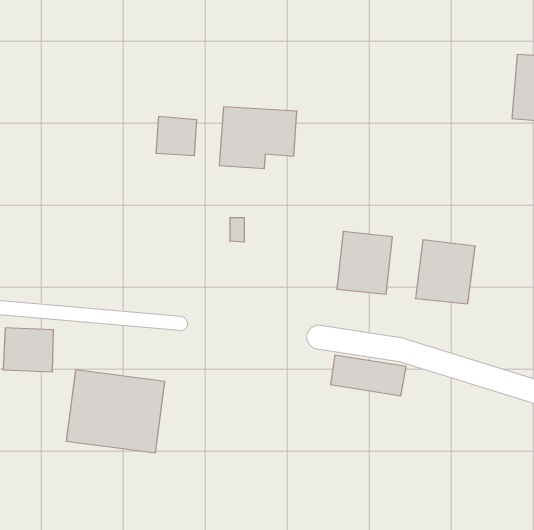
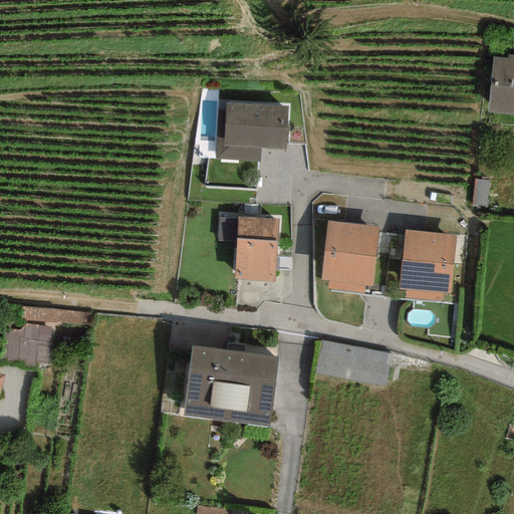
building: [156,116,197,156] -> none
building: none -> [233,215,280,283]
building: [66,370,165,453] -> [184,342,278,422]

